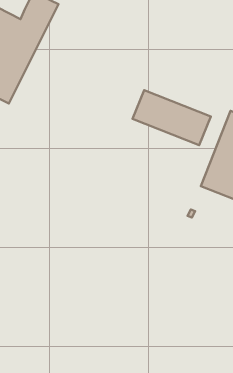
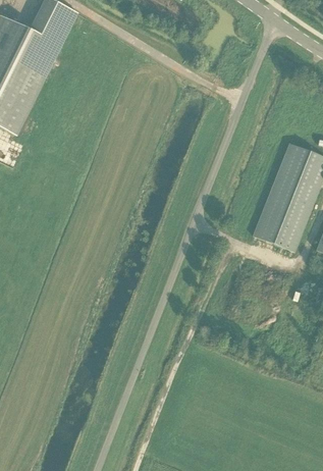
building: [133,90,211,145] -> none

